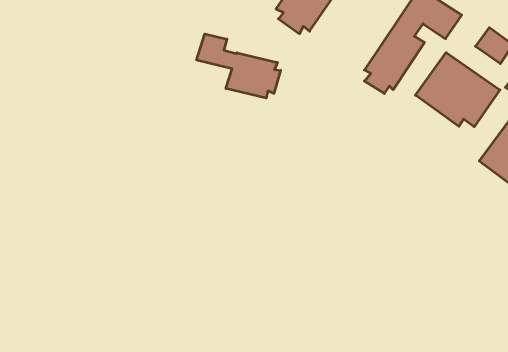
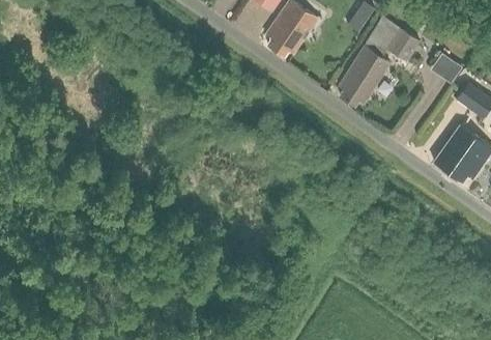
building: [197,34,281,98] -> none
building: [415,53,500,127] -> none

